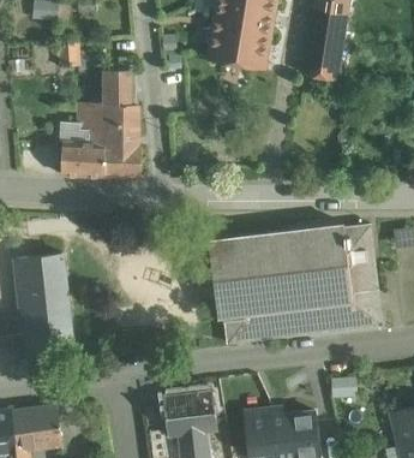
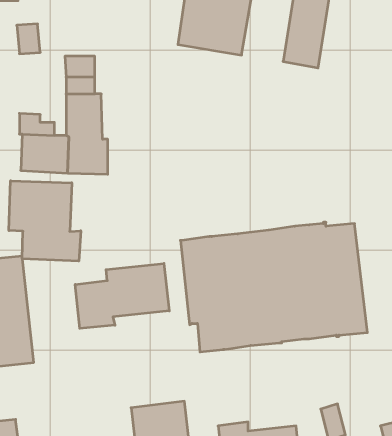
building: [79,103,103,142] -> none
building: none -> [9,181,81,261]
building: none -> [75,263,169,328]

